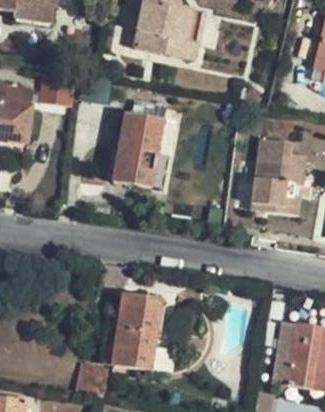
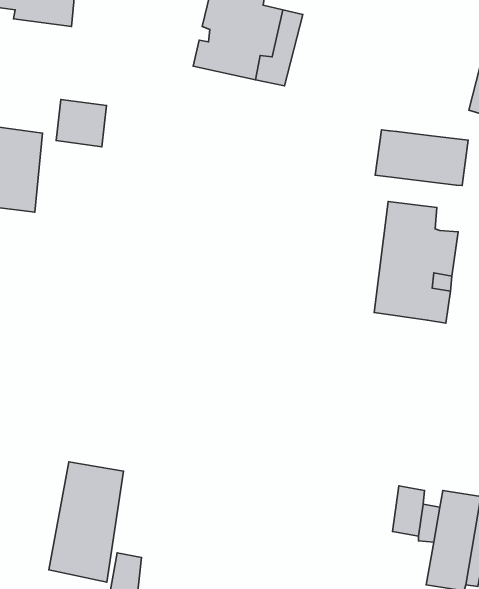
building: none -> [375,130,468,185]
building: [114,112,161,186] -> none
building: [112,292,161,371] -> [49,462,123,582]

